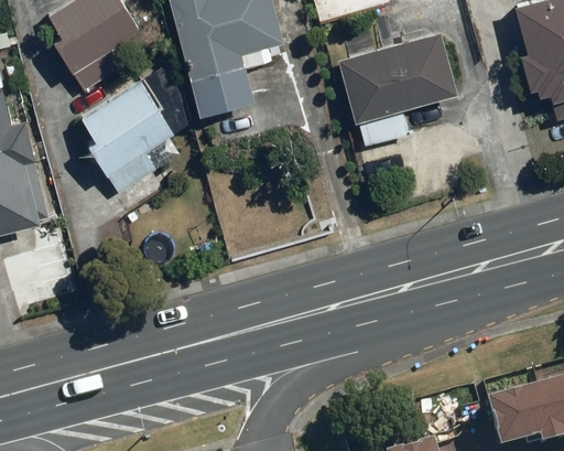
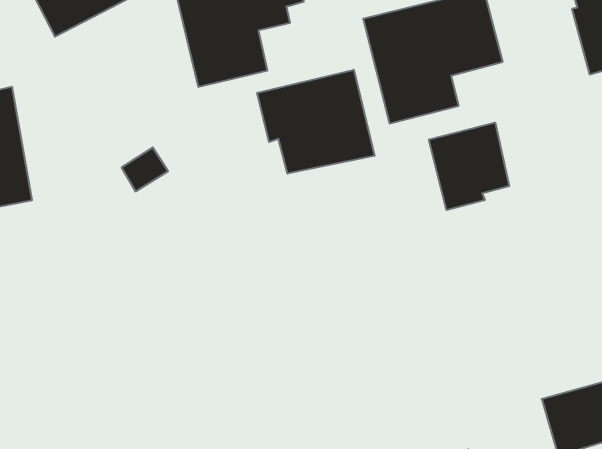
building: [79,80,174,178] -> none
building: none -> [257,70,375,174]
building: none -> [429,123,509,210]

